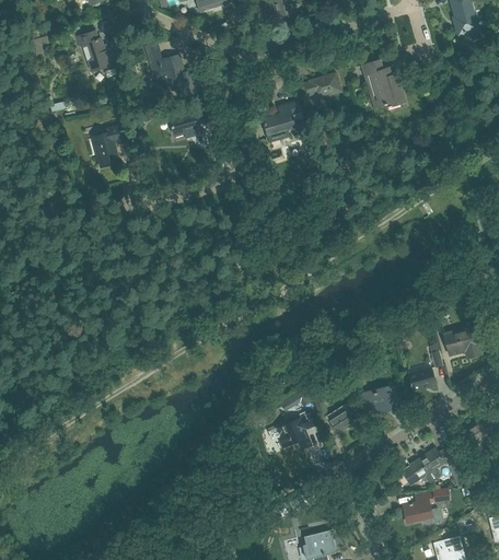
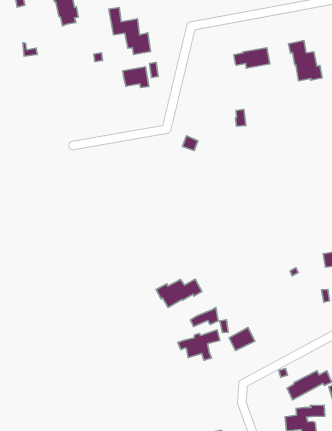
building: [264,100,302,142] -> none
building: [96,124,127,166] -> none
building: none -> [156,279,202,308]
building: [408,366,437,390] -> none
building: [362,384,401,413] -> none

